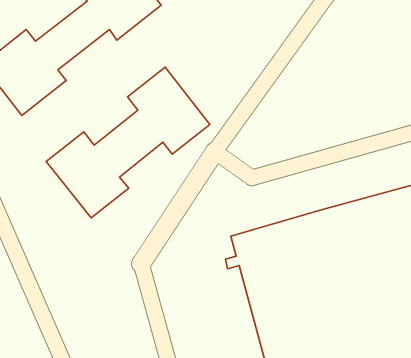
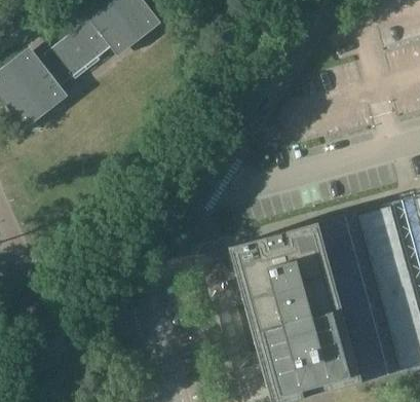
building: [46,67,210,218] -> none

